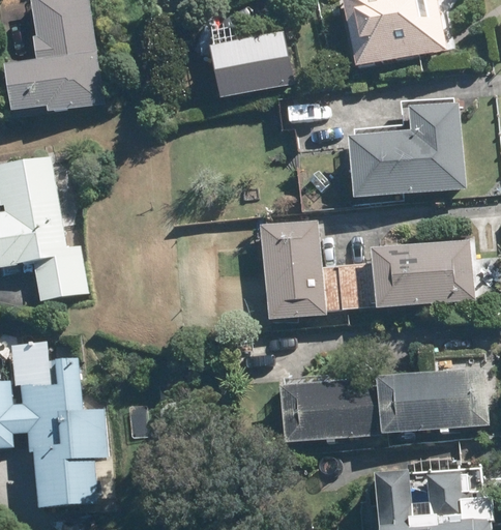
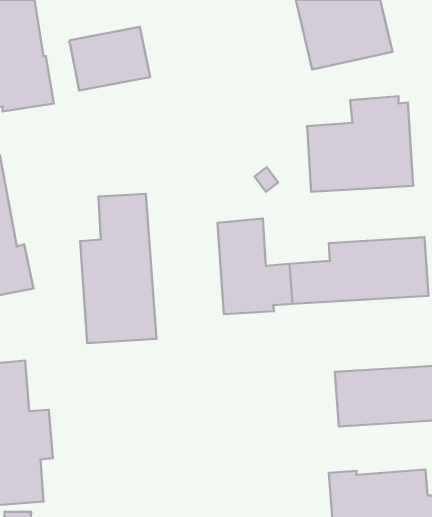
building: [208,34,290,98] -> [69,27,150,90]
building: none -> [80,194,156,343]
building: [288,375,389,436] -> none

